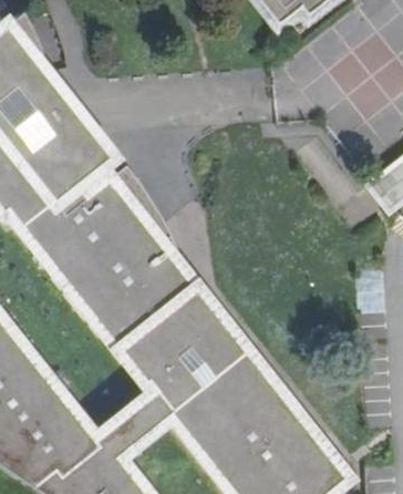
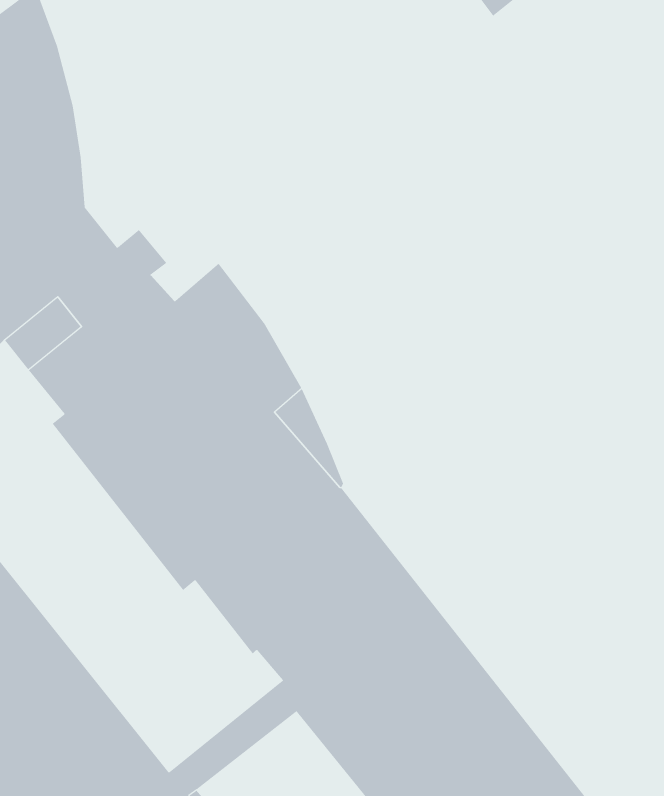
building: [45,71,110,158] -> none

